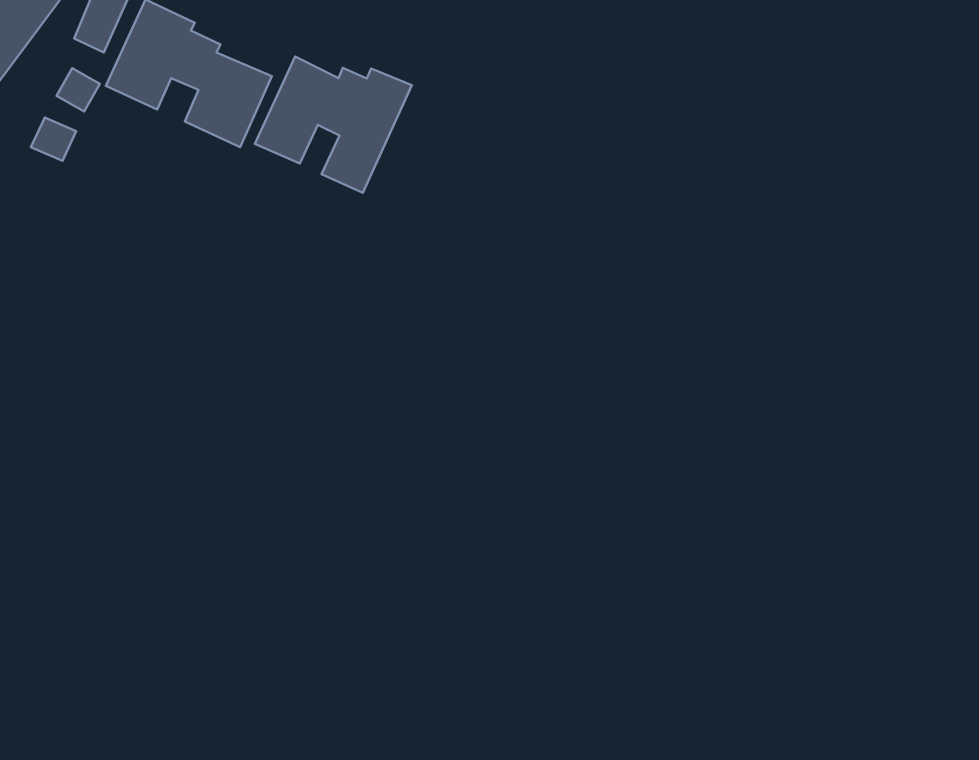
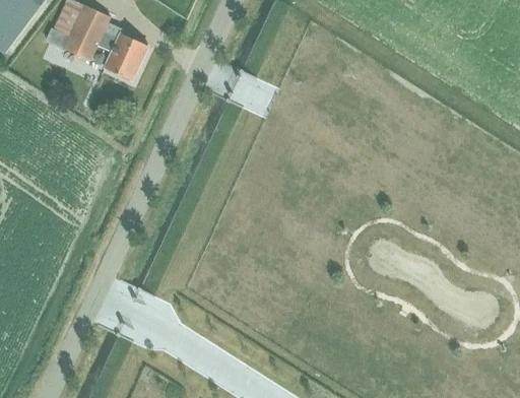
building: [255,57,412,193] -> none

